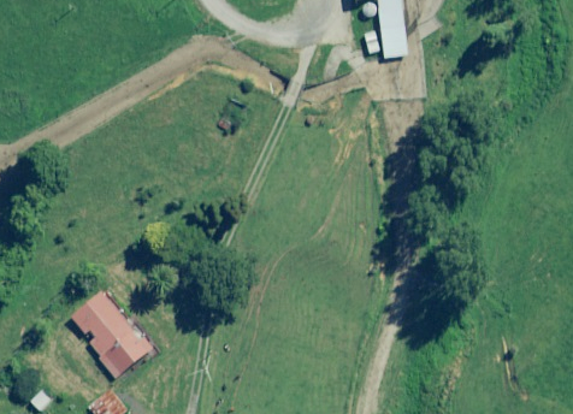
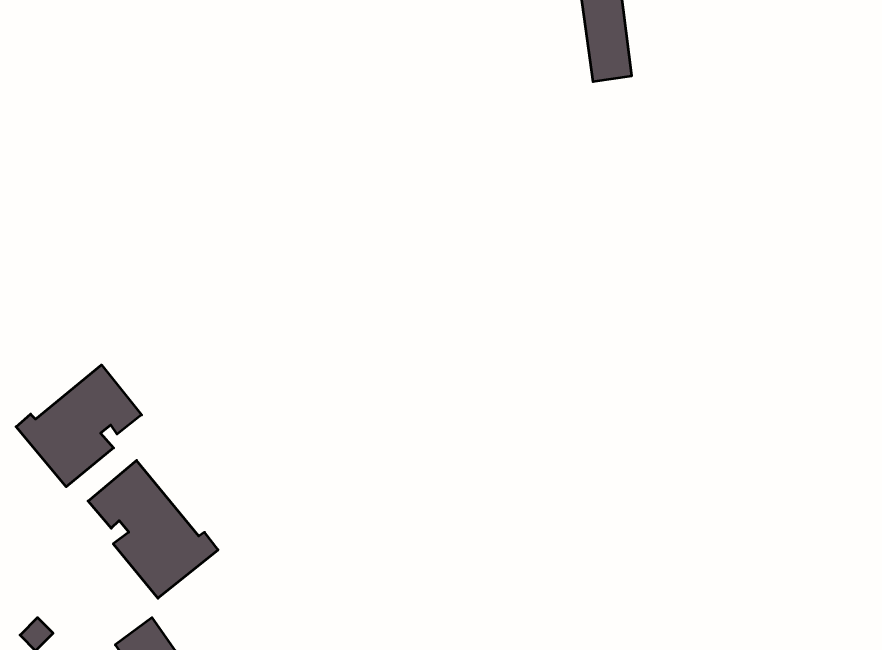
building: none -> [16,365,142,487]

